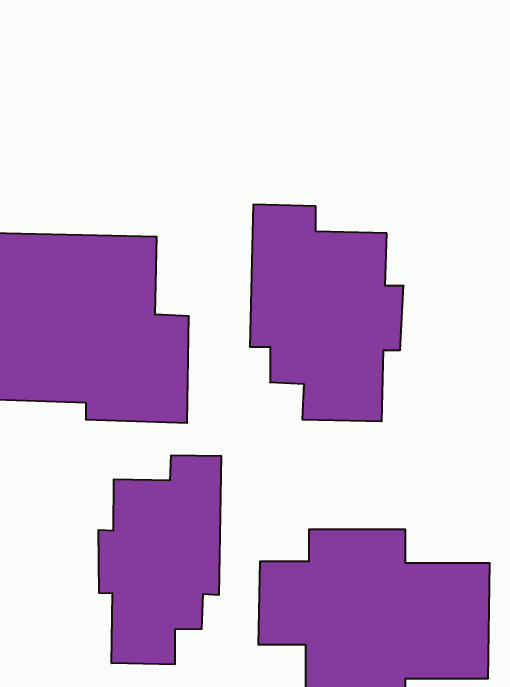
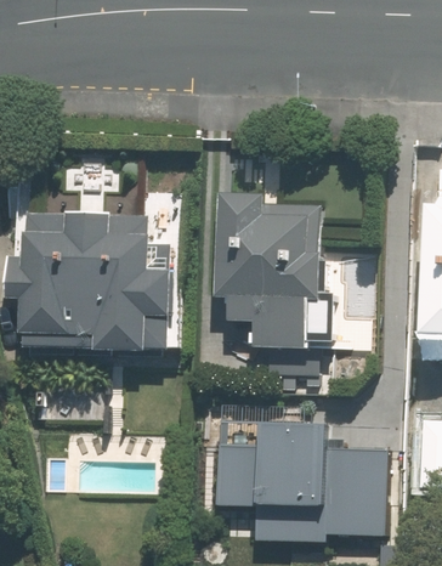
building: [99,455,221,664] -> none

